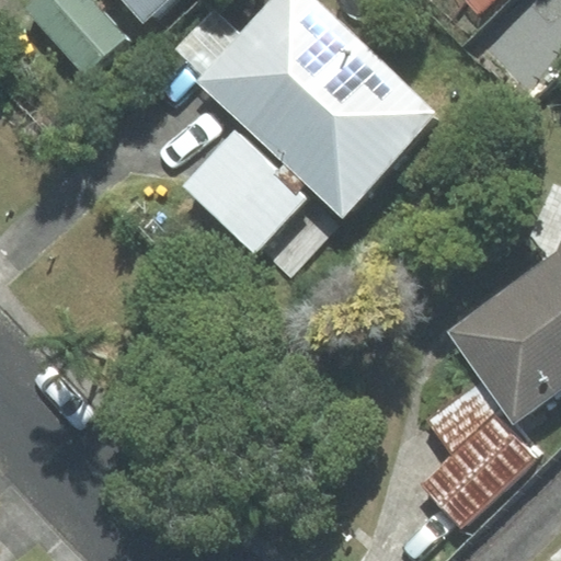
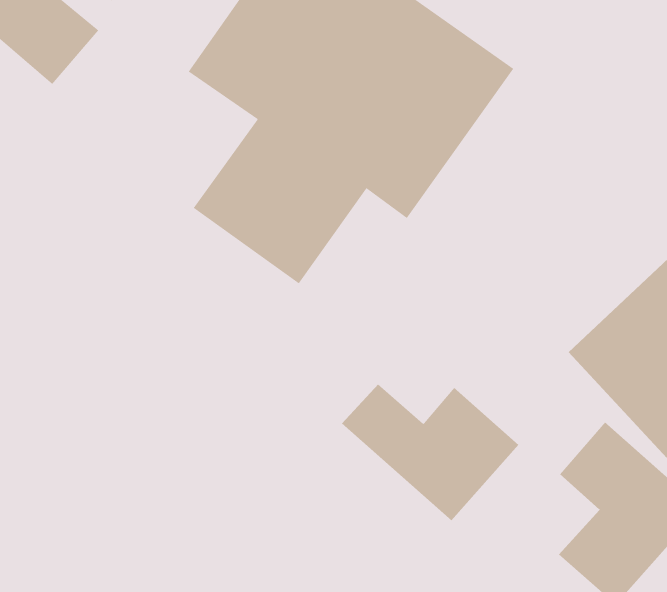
building: none -> [341,383,519,521]

